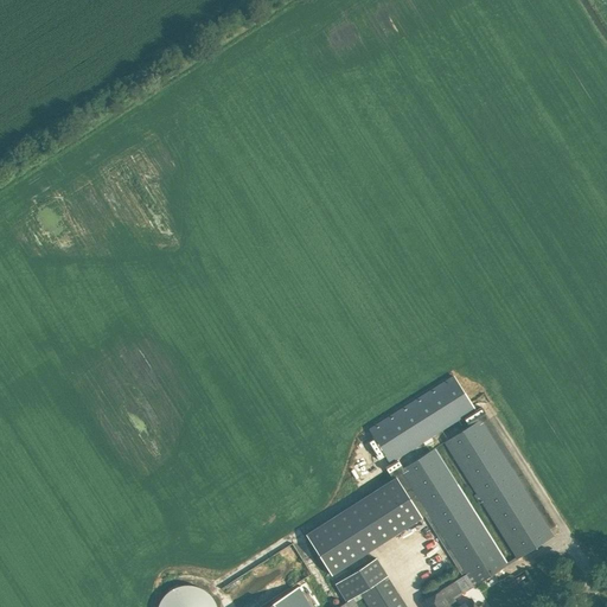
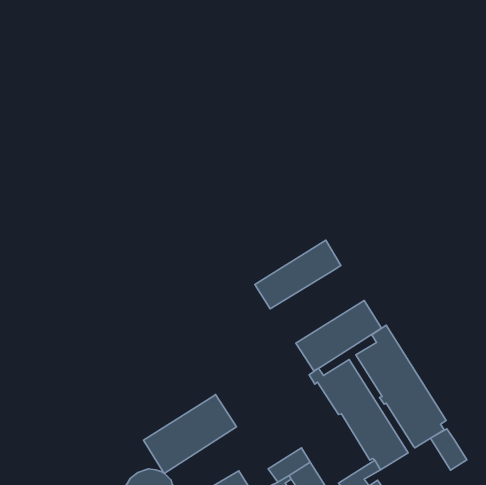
building: none -> [255,240,341,309]
building: [306,478,422,576] -> [143,394,237,473]
building: none -> [430,429,467,470]

